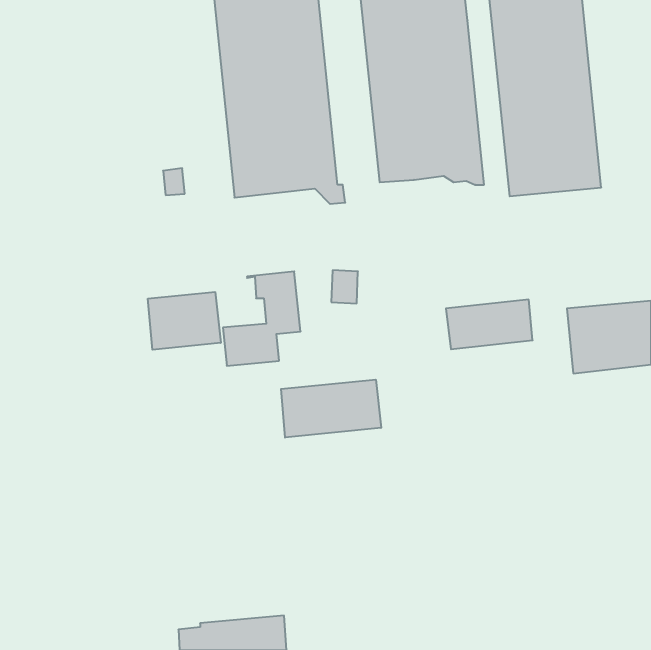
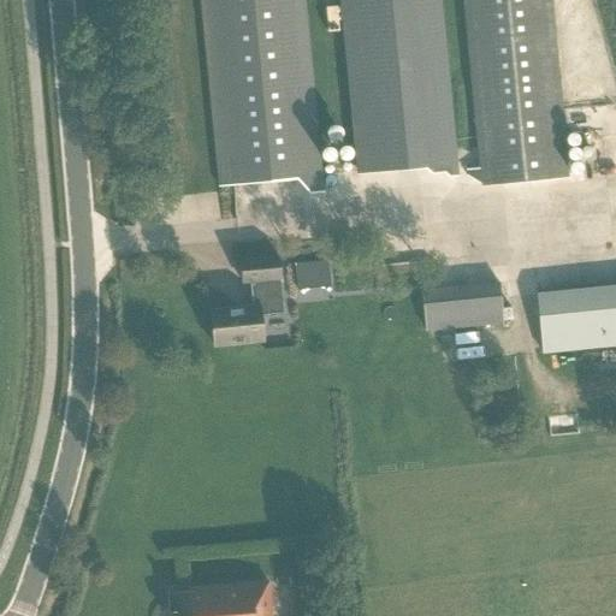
building: [148,292,221,350] -> none
building: [281,380,381,438] -> none

